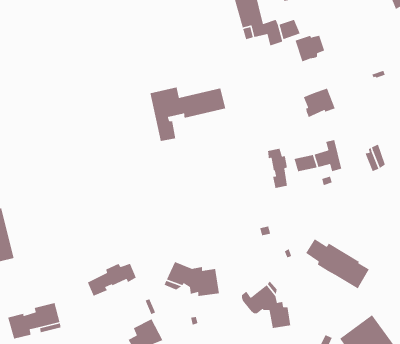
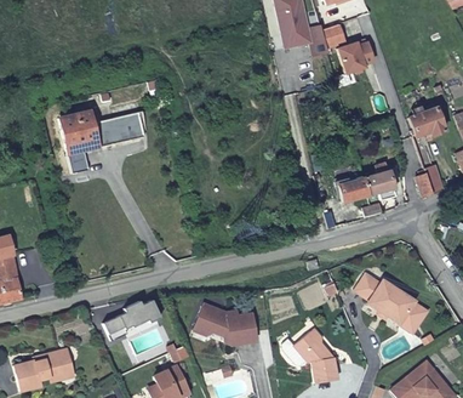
building: [150,86,226,142] -> [53,109,141,172]
building: [303,87,336,118] -> [412,108,450,143]
building: [267,148,288,189] -> none

